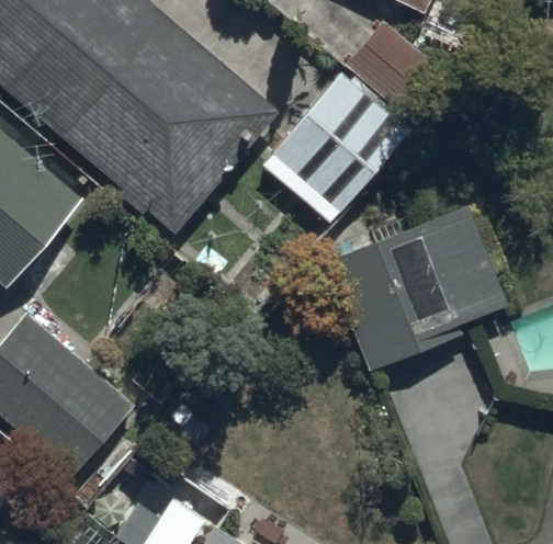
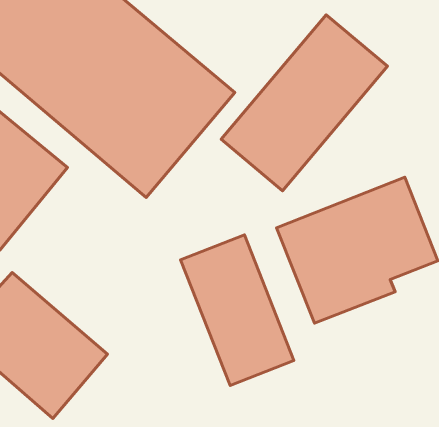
building: none -> [181,235,294,386]

